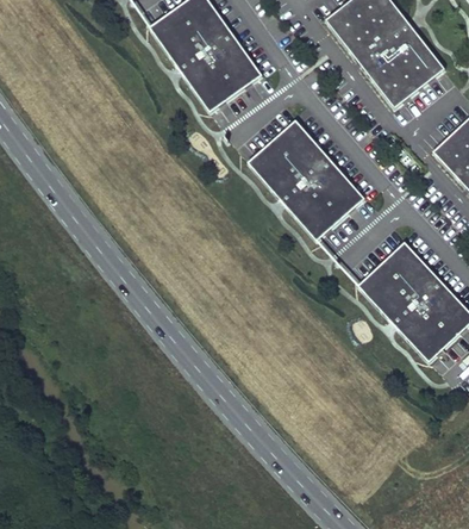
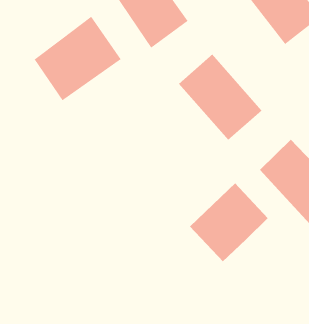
building: none -> [34,16,121,101]
building: none -> [189,183,269,262]

